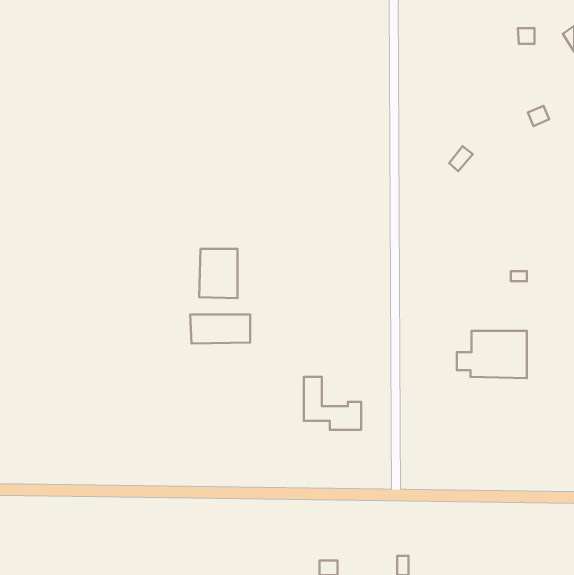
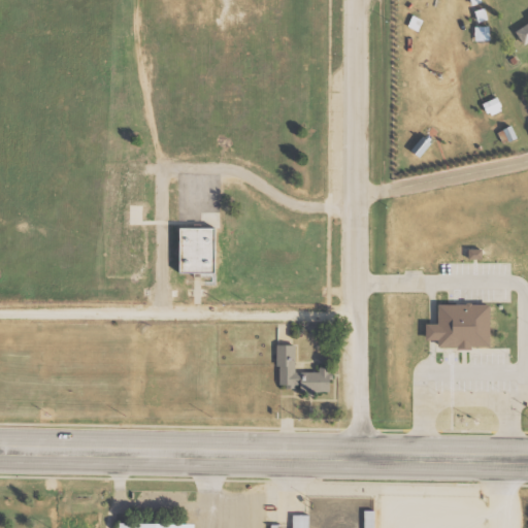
building: [190,315,250,343] -> none

